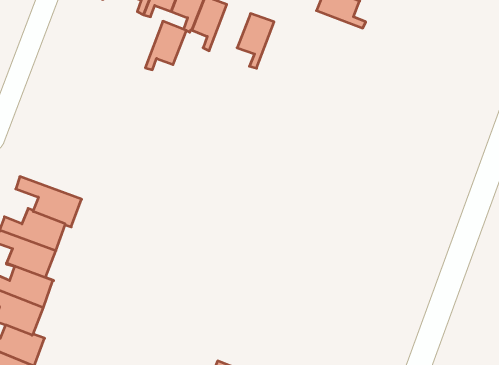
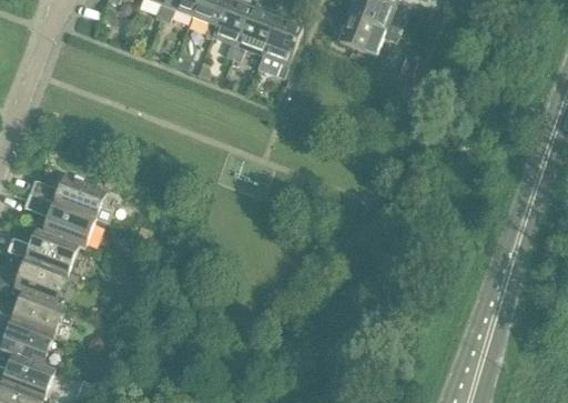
building: none -> [336,13,396,53]
building: [145,21,186,70] -> [231,7,275,59]
building: none -> [27,172,116,221]

